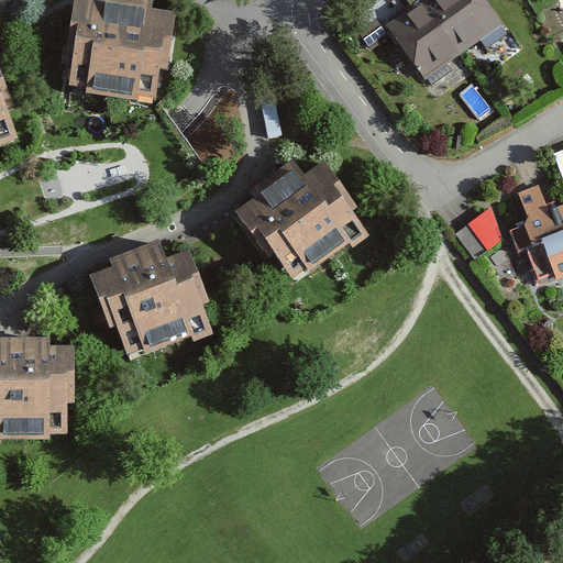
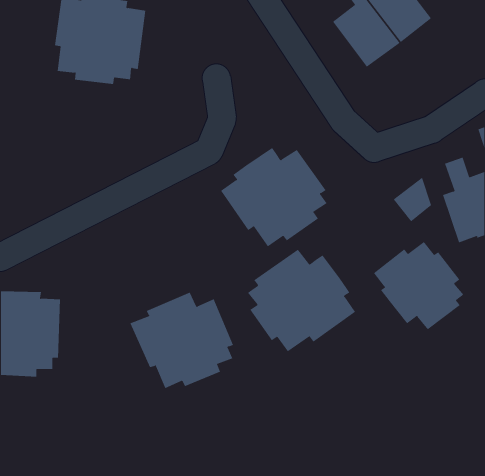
building: [86,239,207,351] -> [130,292,234,389]
building: none -> [373,241,464,330]
building: none -> [247,249,356,352]

